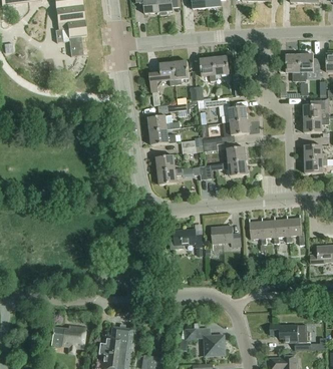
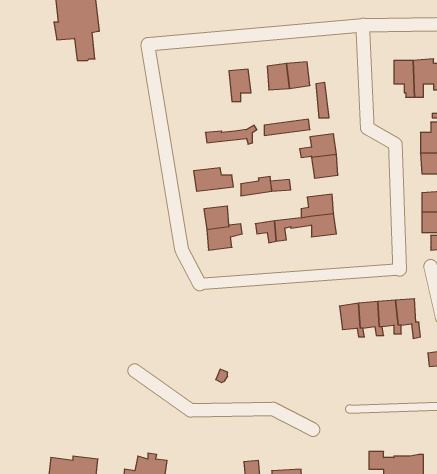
building: [149,62,177,103] -> none
building: [149,114,181,130] -> none
building: [212,226,242,246] -> none
building: [171,229,203,249] -> none

